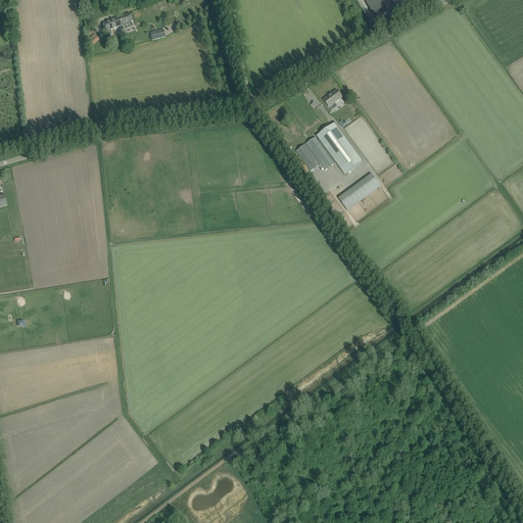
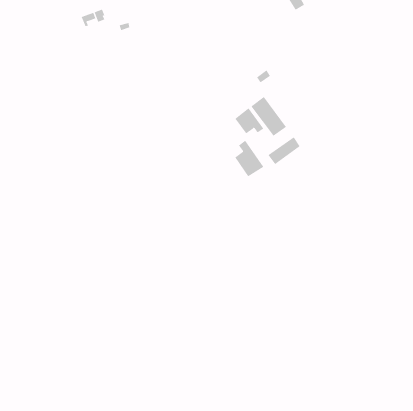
building: none -> [234,140,264,177]

